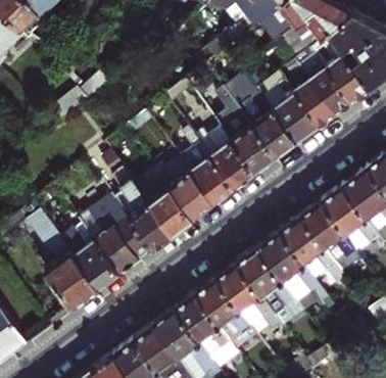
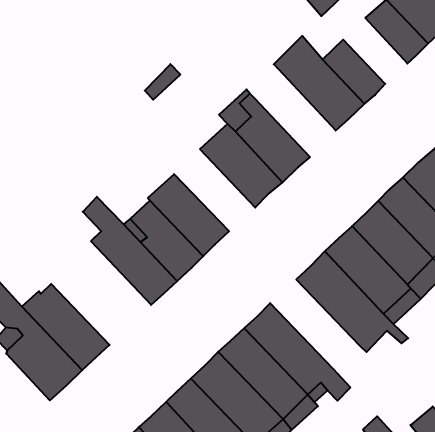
building: [311,67,354,115] -> none
building: [244,82,298,160] -> none
building: [181,126,235,205] -> none
building: [81,197,153,275] -> none
building: [237,245,296,312] -> none

